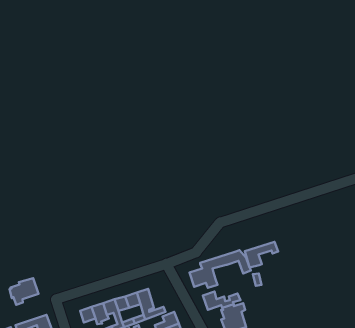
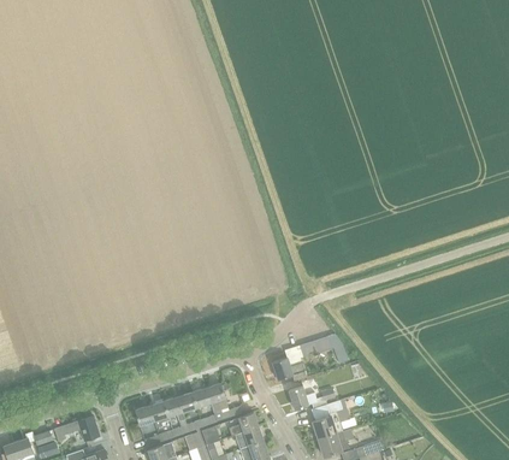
building: [245,242,278,268] -> none
building: [9,278,39,305] -> none

